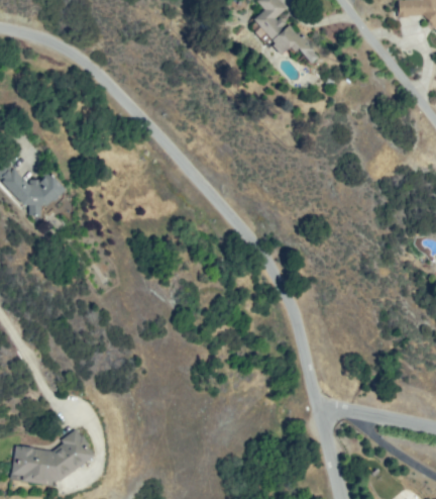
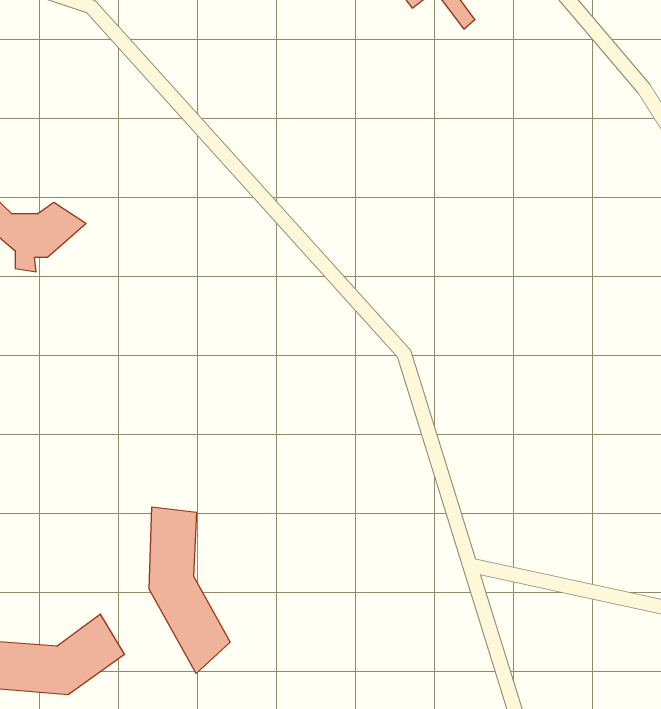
building: none -> [149,507,230,673]

